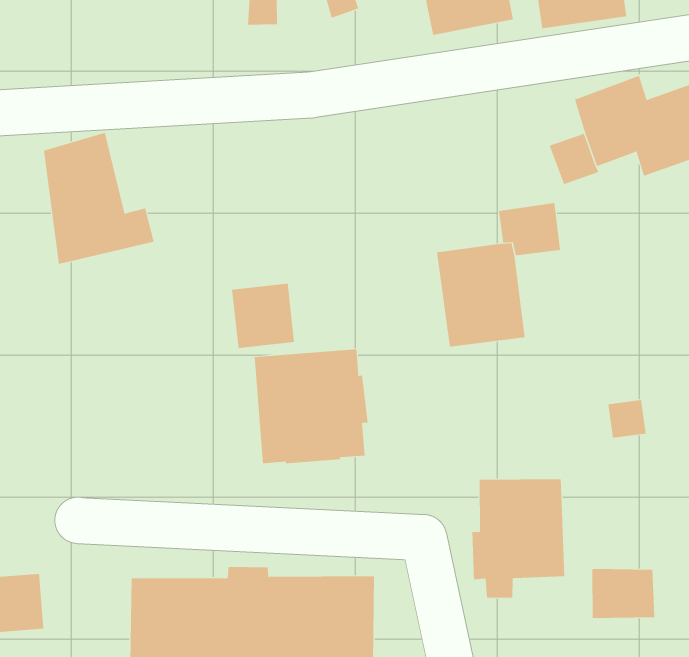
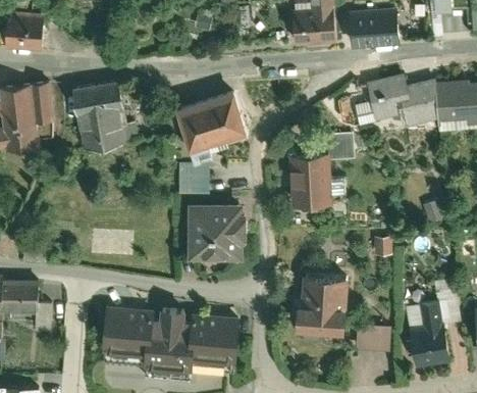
building: none -> [173,89,247,162]

